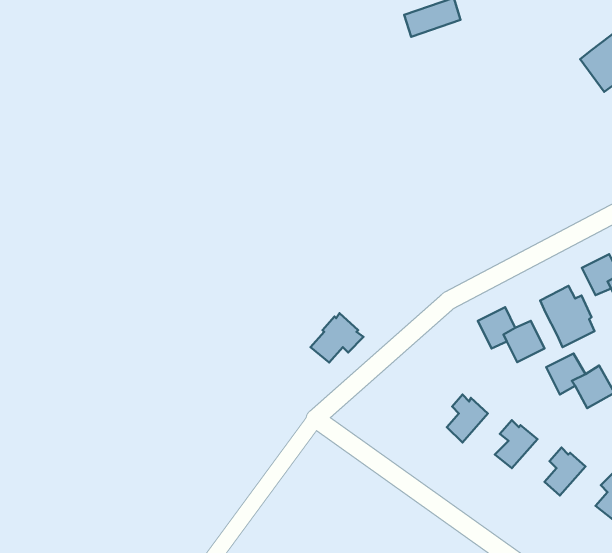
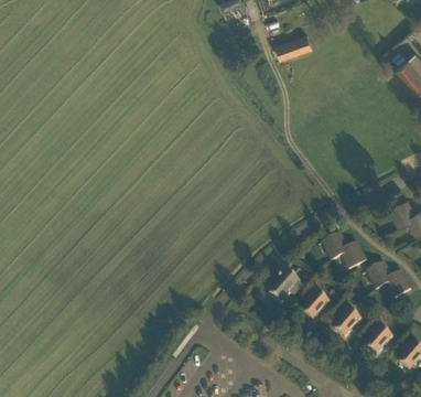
building: [540,286,595,347] -> none
building: [310,313,363,363] -> [269,270,303,302]

